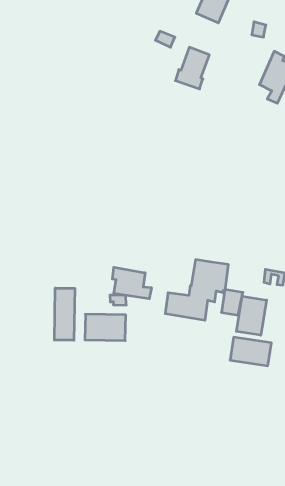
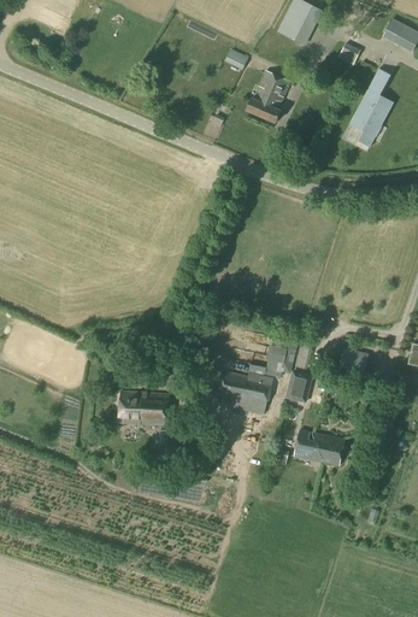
building: [112,267,151,299] -> none
building: [54,288,75,340] -> none
building: [236,296,267,335] -> none

